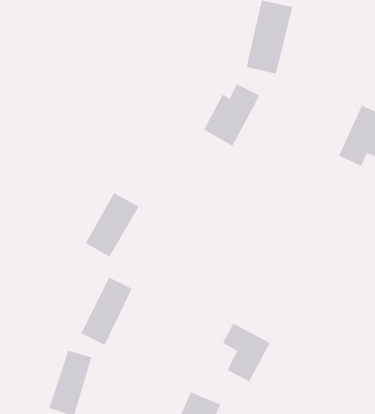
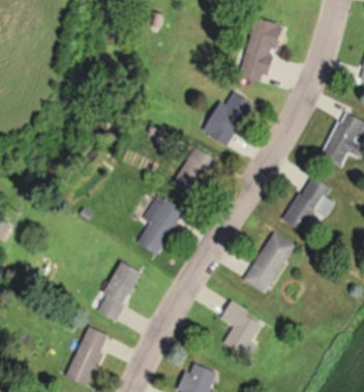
building: none -> [174,148,217,195]
building: none -> [283,175,332,232]
building: [85,192,139,258] -> [138,198,185,254]
building: none -> [243,232,294,293]

